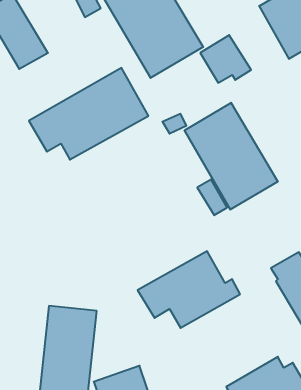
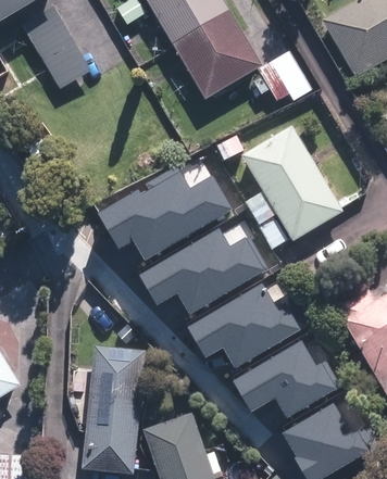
building: [29,68,148,160] -> [102,159,233,259]
building: none -> [141,222,265,314]
building: none -> [236,340,341,418]

